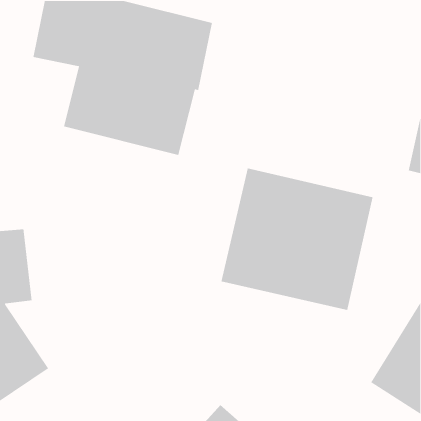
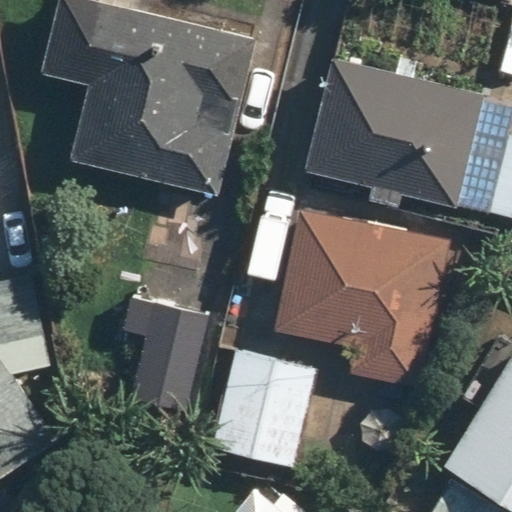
building: none -> [306,59,482,207]
building: none -> [128,304,210,412]
building: none -> [217,357,315,461]

